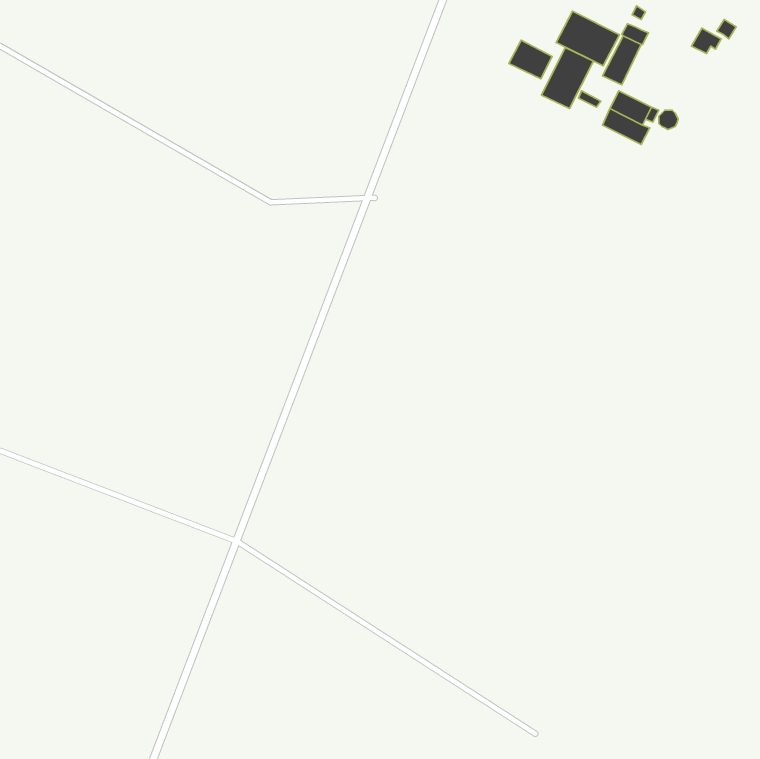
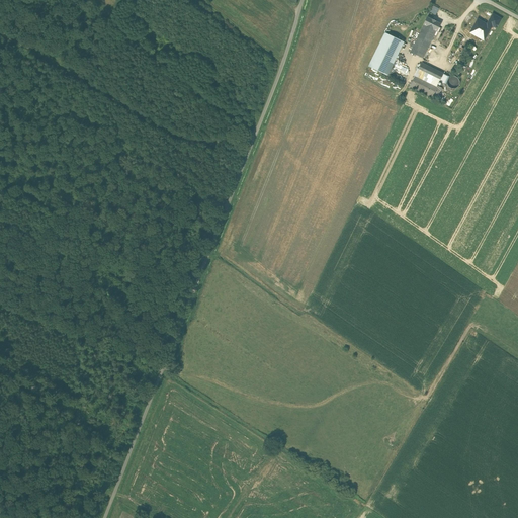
building: [556,11,620,66] -> none
building: [509,40,552,79] -> none

